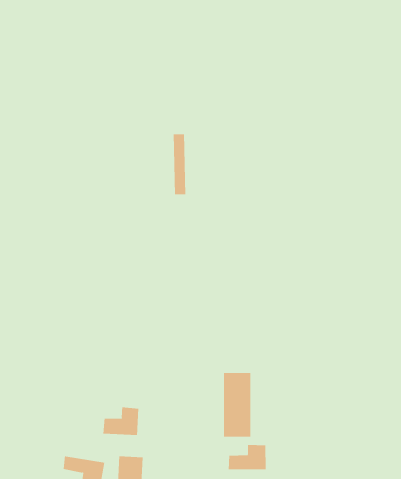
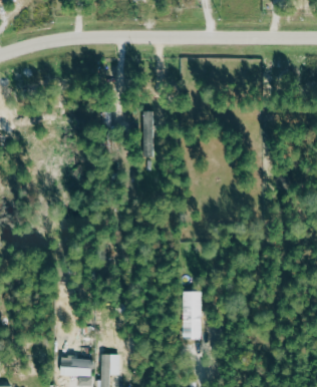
building: [103,407,139,436] -> none
building: [228,444,266,470] -> none

